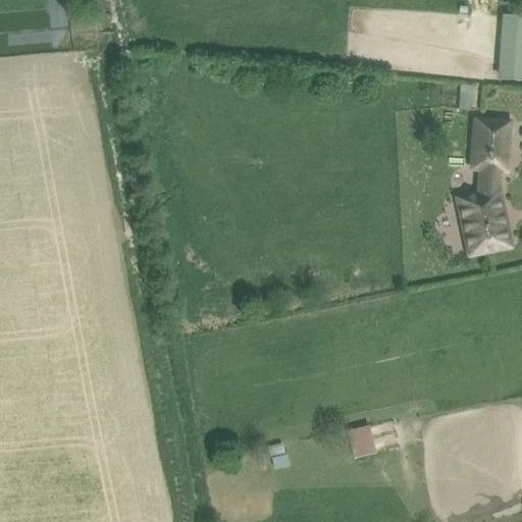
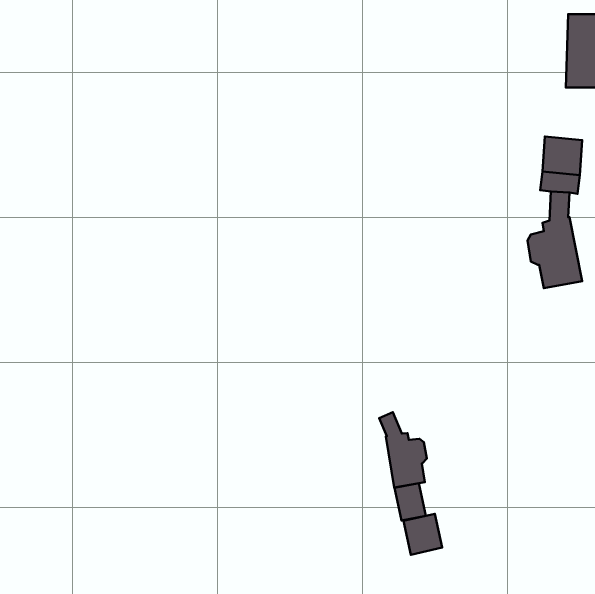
building: none -> [379,412,427,488]
building: none -> [404,514,442,555]

